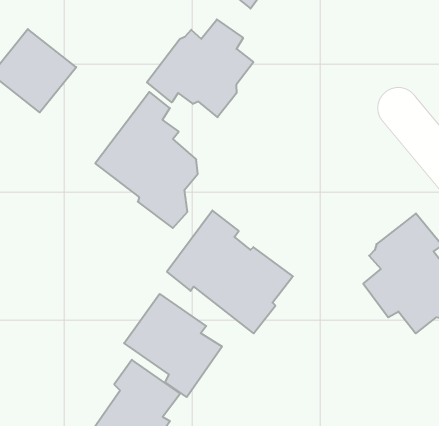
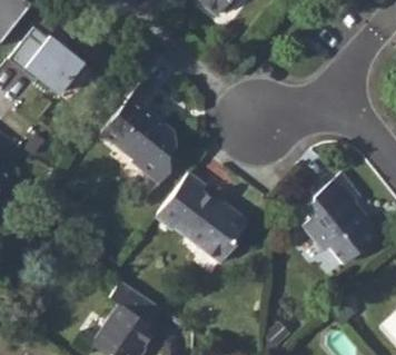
building: [147,19,253,117] -> none
building: [124,294,222,397] -> none

